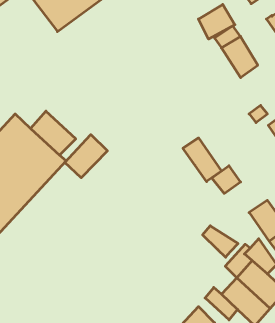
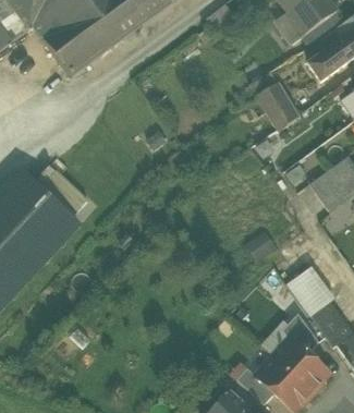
building: [198,4,235,39] -> none
building: [65,135,107,178] -> none
building: [183,138,221,182] -> none
building: [203,226,238,257] -> none

